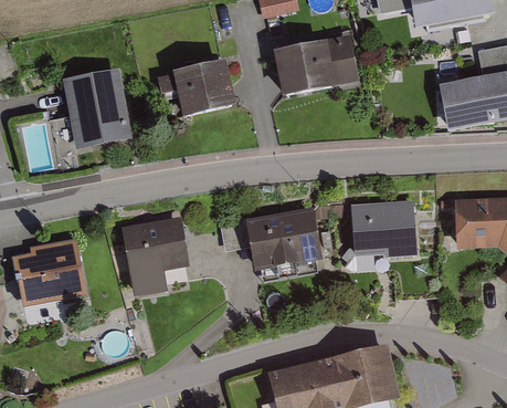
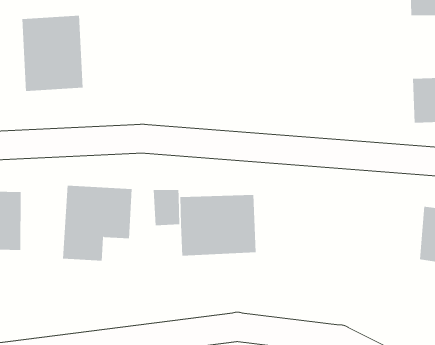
building: [282,35,359,93] -> none
building: [158,61,241,117] -> none
building: [356,205,416,260] -> none

